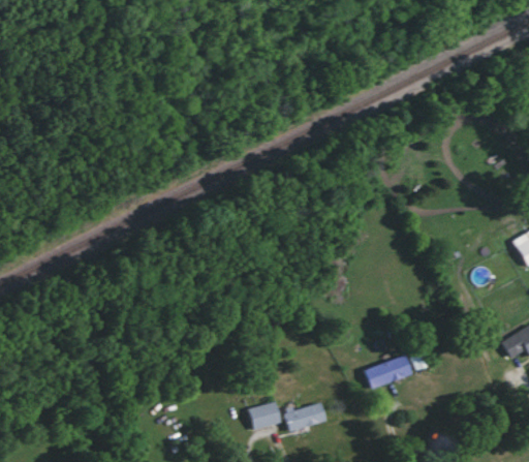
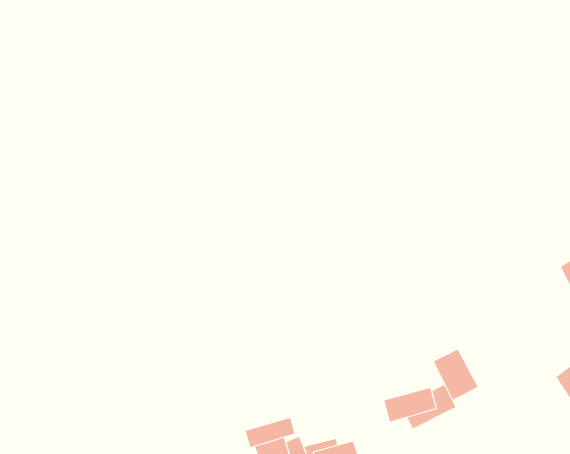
building: none -> [433,349,478,400]
building: none -> [245,417,295,448]

